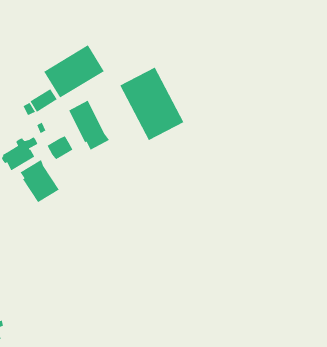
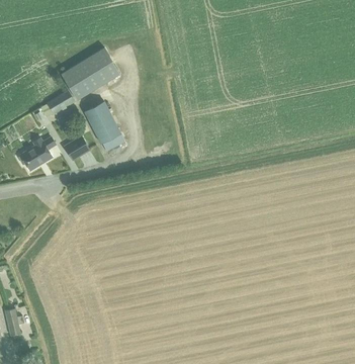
building: [119,66,185,141] -> none
building: [20,159,60,203] -> none

